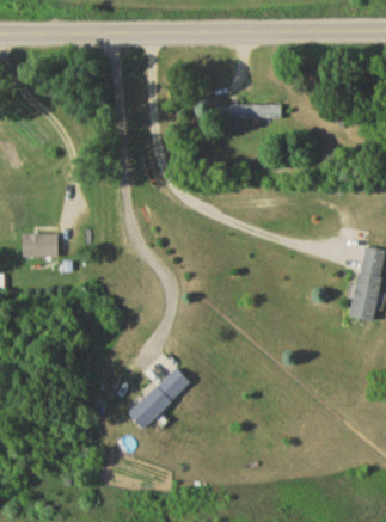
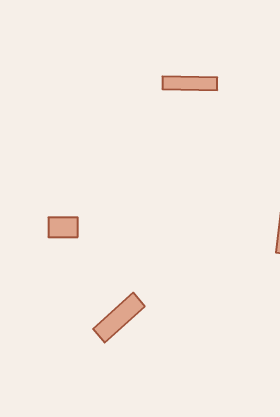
building: [20,233,56,257] -> [48,217,78,237]

